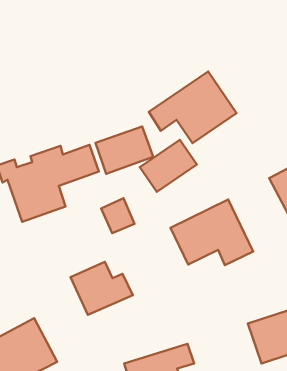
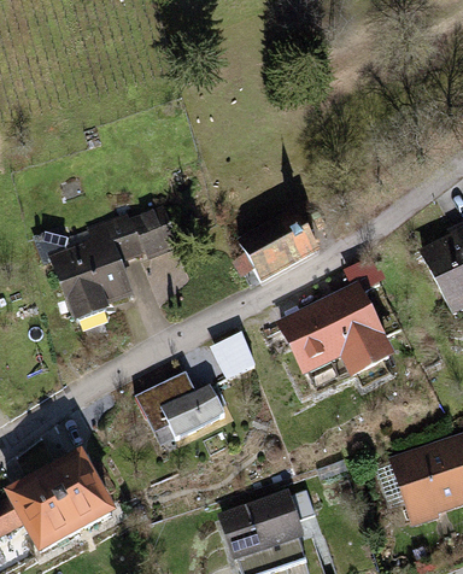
building: [149,71,236,143] -> none
building: [96,126,153,174] -> none
building: [101,198,134,233] -> [210,333,257,382]

